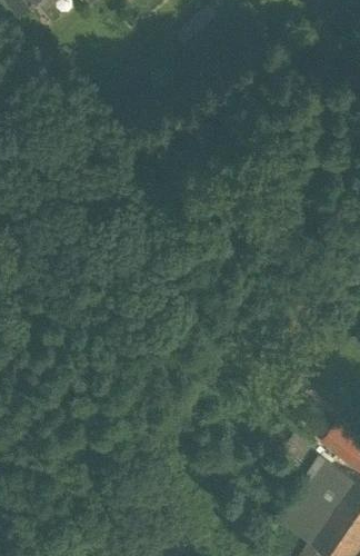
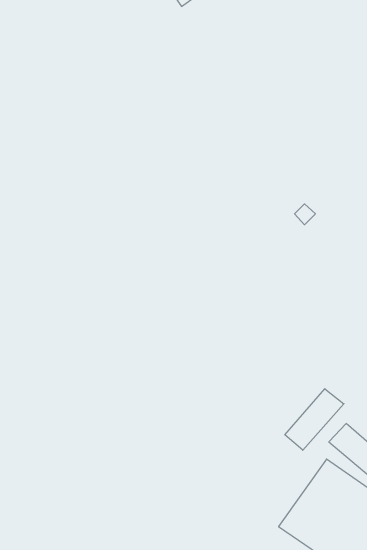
building: none -> [285,389,344,450]

